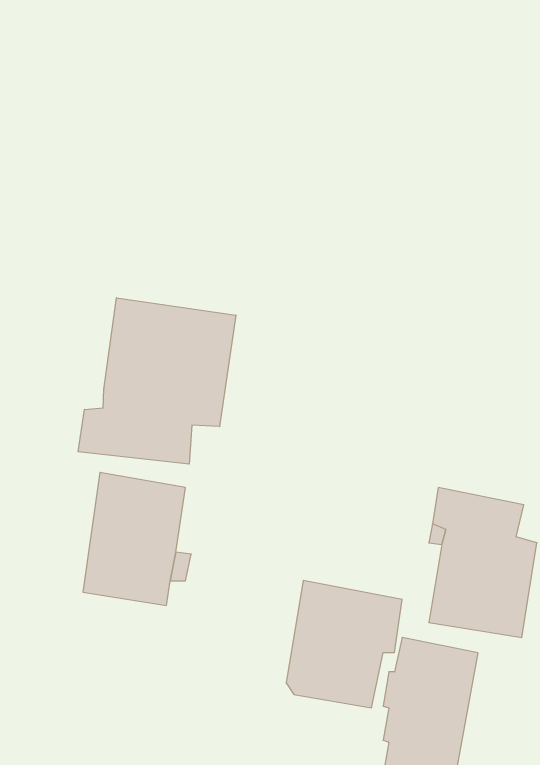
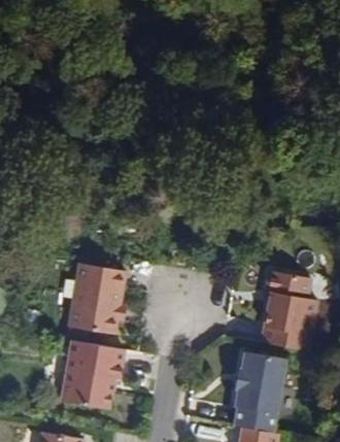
building: [78,298,236,464] -> none
building: [286,580,402,708] -> [62,338,125,407]

